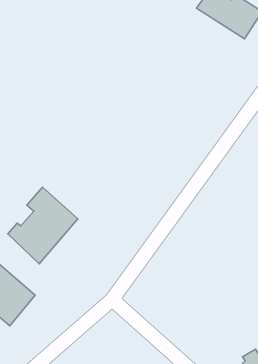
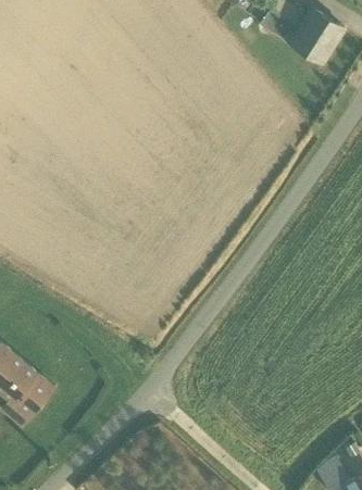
building: [8,187,78,264] -> none

